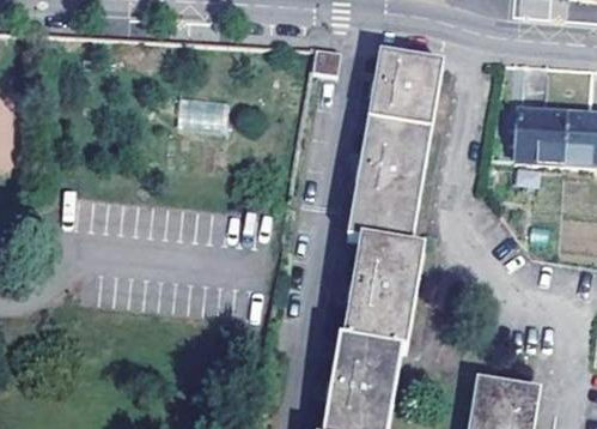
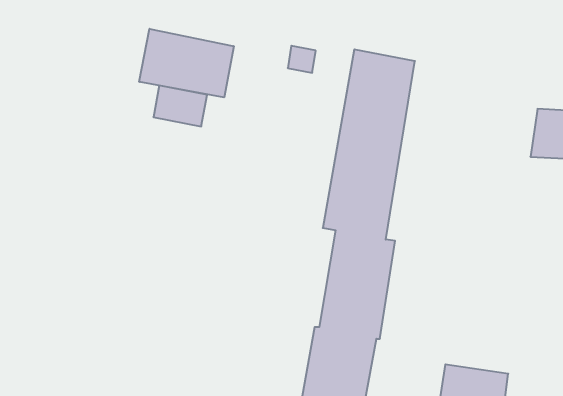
building: none -> [139,29,234,97]
building: [517,109,567,162] -> none

